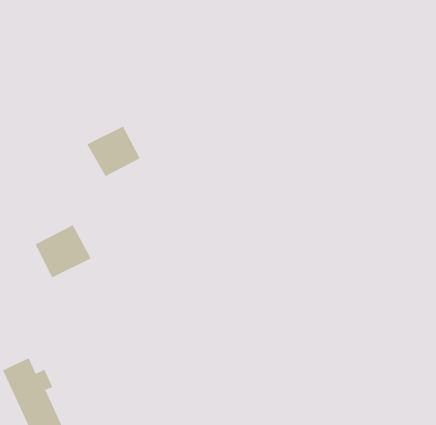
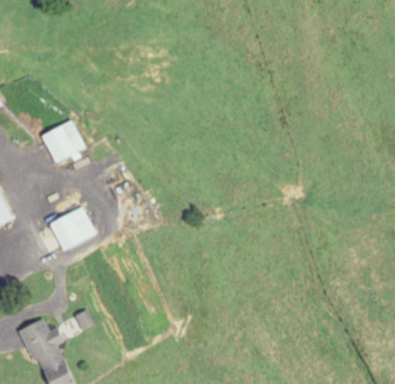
building: [87,126,140,177] -> [40,119,86,162]

